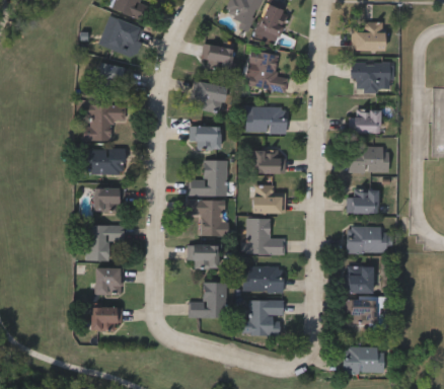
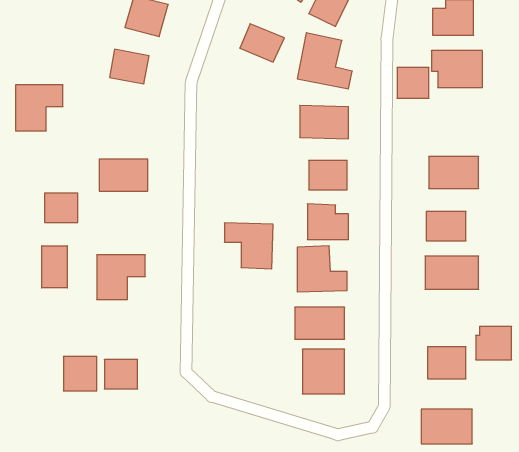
building: [192,80,228,112] -> none
building: [88,104,126,141] -> [16,85,63,131]
building: [355,109,380,134] -> [397,68,429,98]
building: [191,126,221,149] -> none
building: [190,160,228,196] -> none
building: [94,188,121,212] -> [45,193,78,222]
building: none -> [42,246,67,288]
building: [188,244,219,268] -> none
building: [346,266,374,293] -> [476,326,512,360]
building: [95,268,122,296] -> [63,356,97,391]
building: [191,283,227,318] -> none

